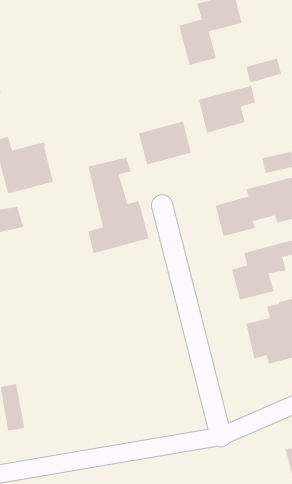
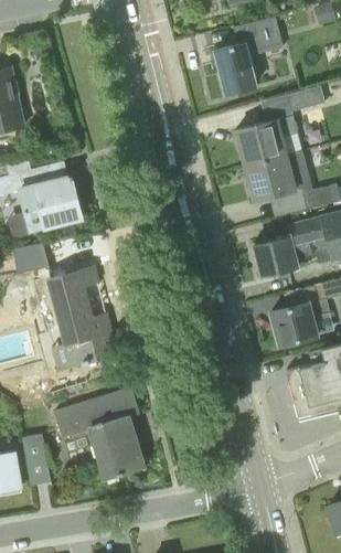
building: [138,121,192,165] -> [244,153,301,201]
building: [88,157,149,254] -> [51,267,117,371]
building: none -> [54,389,143,479]

